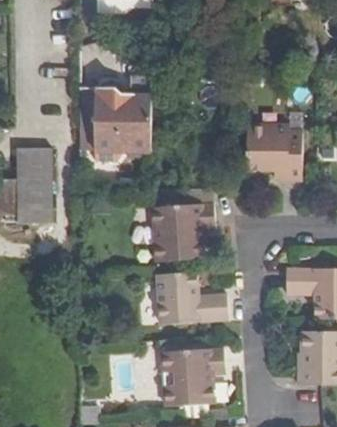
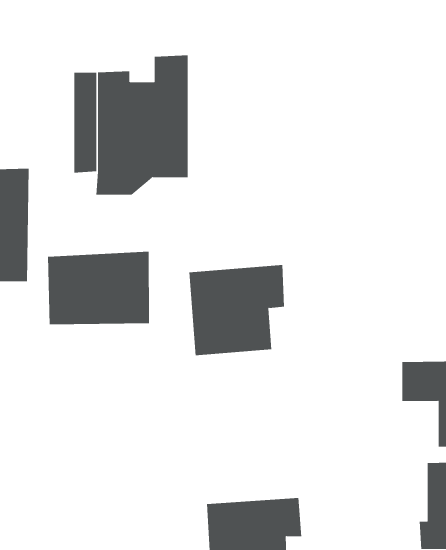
building: [245,123,301,179] -> none
building: none -> [48,251,150,325]
building: [158,271,230,327] -> none

